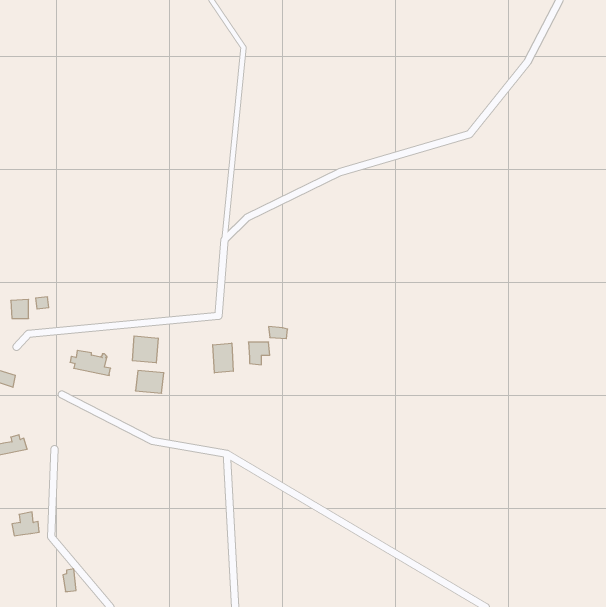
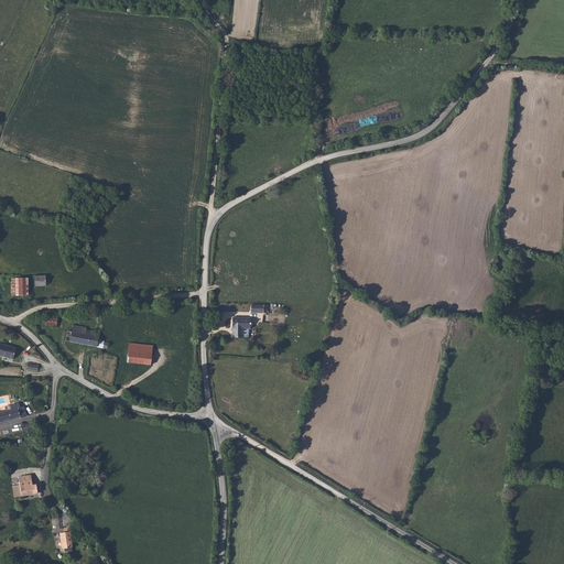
building: [132,336,158,363] -> none
building: [213,343,233,373] -> none

